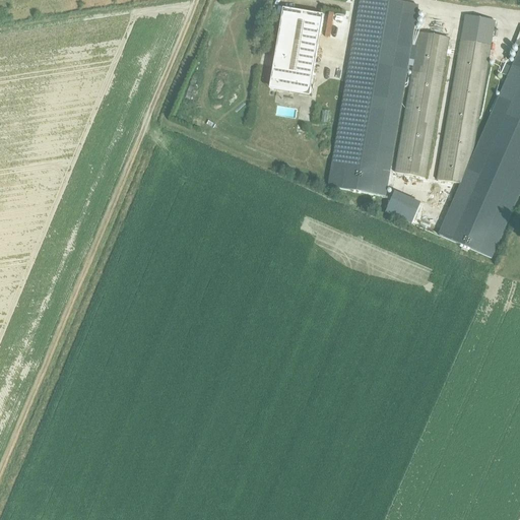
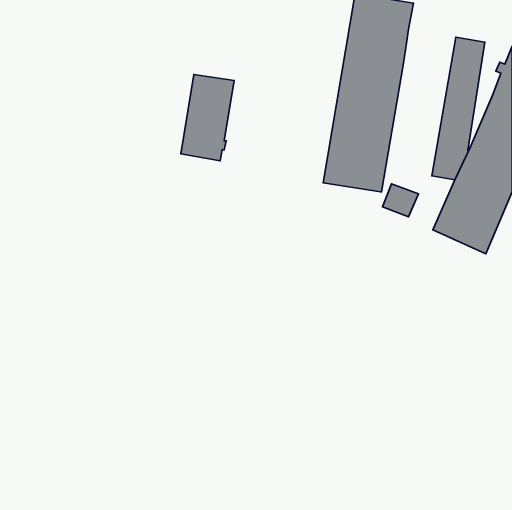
building: [269,7,323,94] -> [181,74,234,161]
building: [461,14,495,43] -> none
building: [394,29,448,176] -> none

